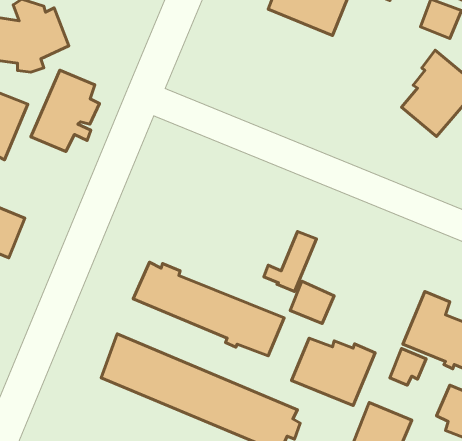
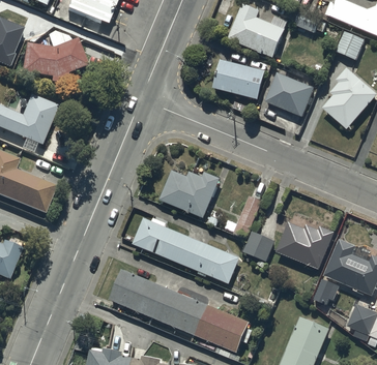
building: none -> [212,59,265,98]
building: none -> [265,72,314,116]
building: [31,70,99,152] -> none
building: none -> [160,169,220,217]
building: [292,338,375,405] -> [276,221,335,269]

